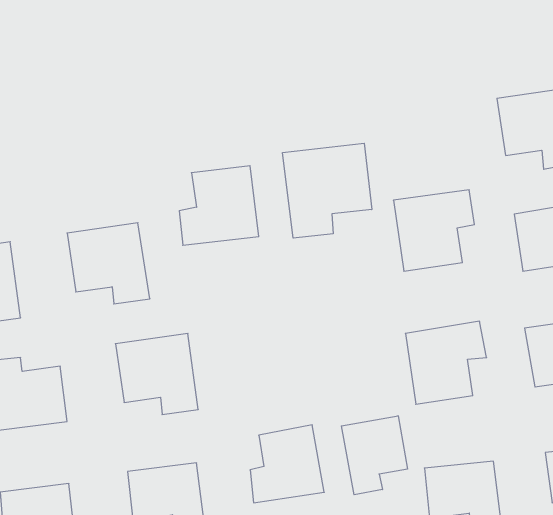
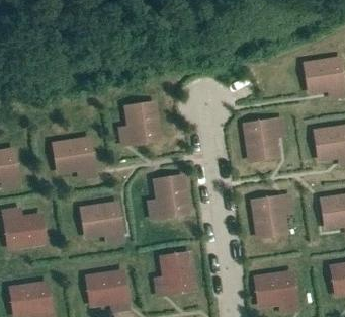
building: [283,143,372,238] -> none
building: none -> [143,172,189,220]
building: [341,416,407,495] -> none

